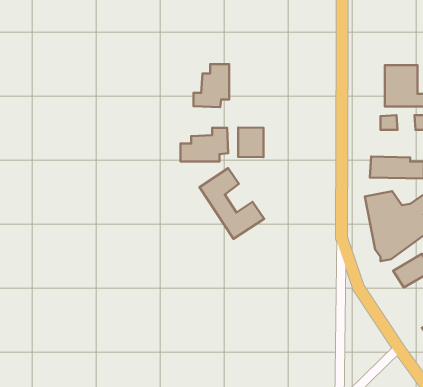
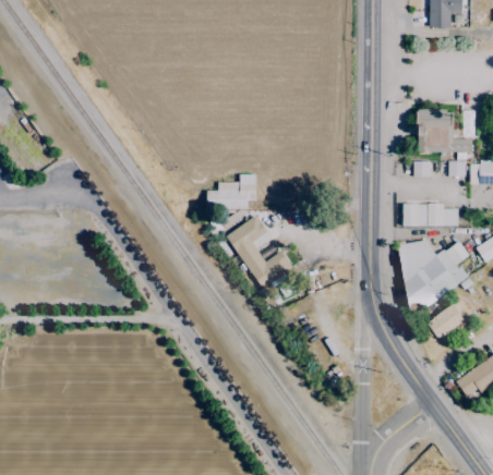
building: [193,64,229,107] -> none
building: [238,127,264,157] -> none

